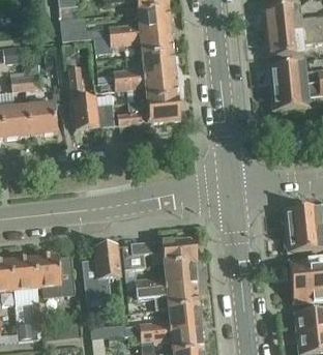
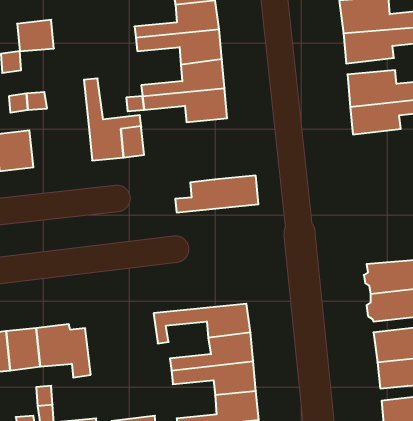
building: [59,17,87,40] -> [17,20,54,51]
building: [116,97,179,125] -> [175,176,258,212]
building: [27,103,56,135] -> none
building: [93,245,120,310] -> none

